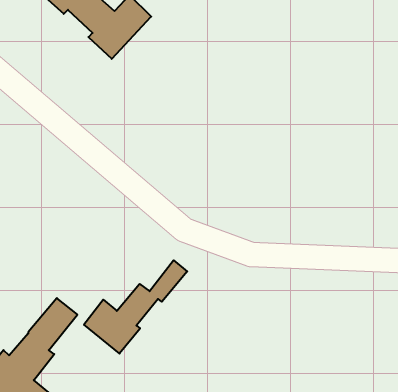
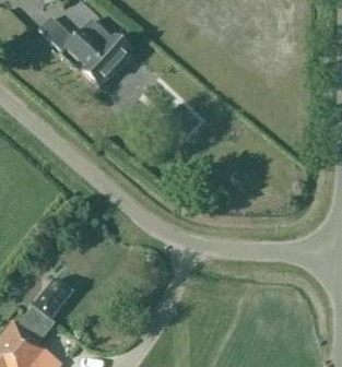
building: [84,260,187,354] -> none

